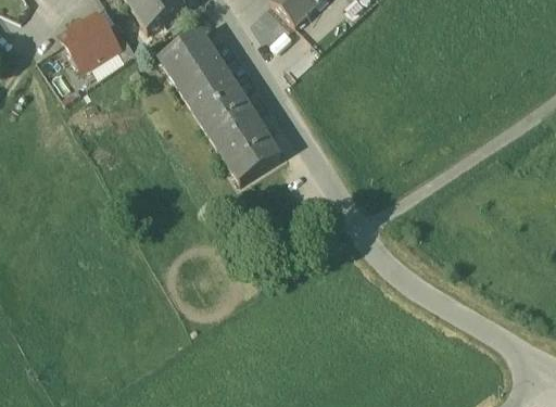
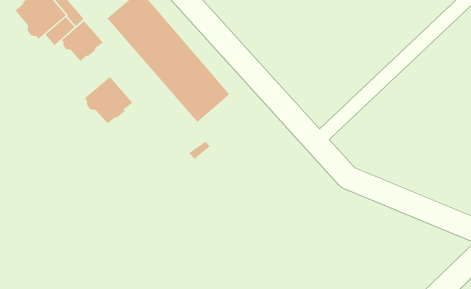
building: none -> [61,20,103,62]
building: none -> [84,76,133,124]

